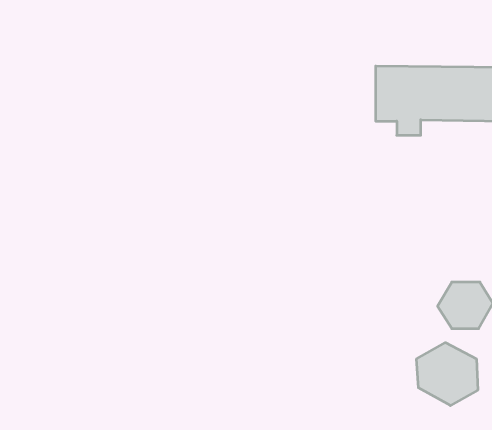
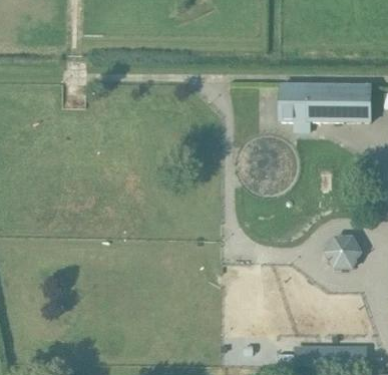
building: [417,343,478,406] -> none

